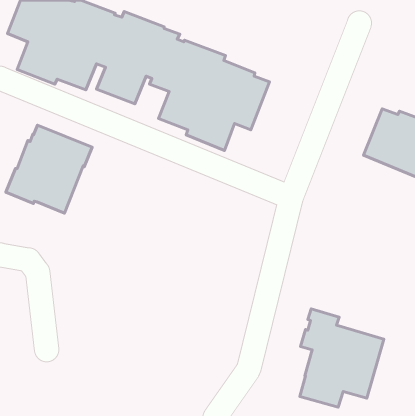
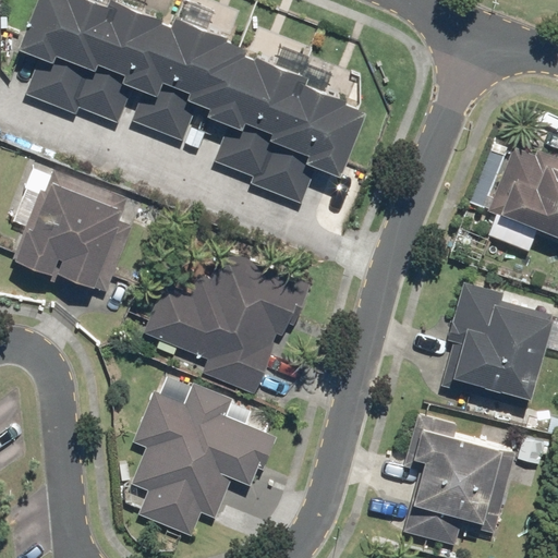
building: none -> [145,250,308,395]
building: none -> [441,282,553,409]
building: none -> [132,384,276,536]

